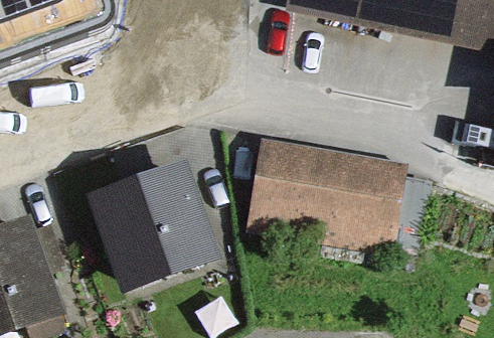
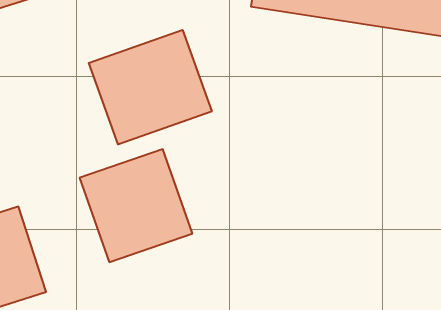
building: none -> [89,30,212,144]
building: [248,145,399,241] -> none

